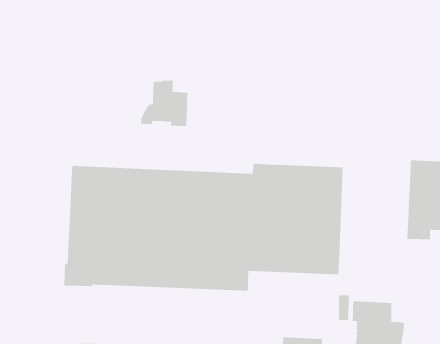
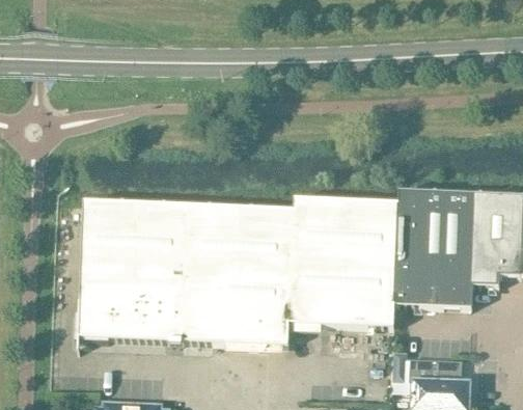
building: [140,80,188,127] -> none
building: none -> [395,189,476,306]

